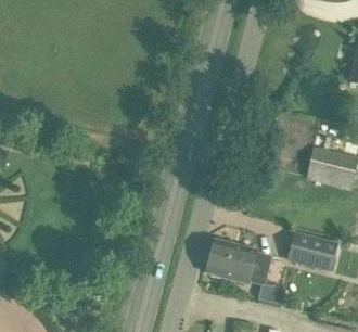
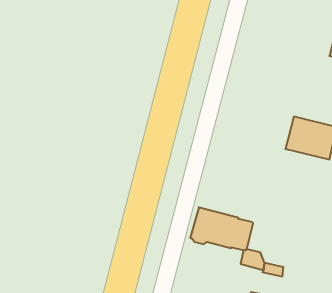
building: [289,232,336,268] -> none

